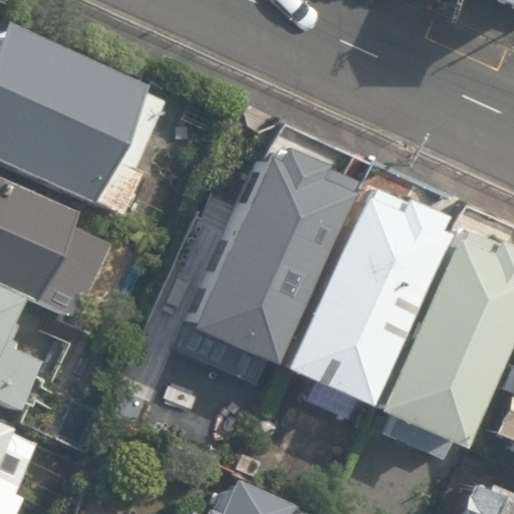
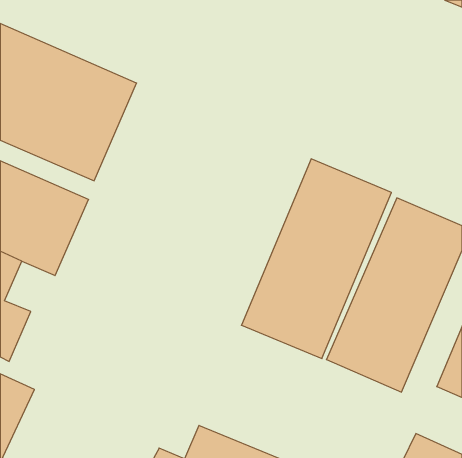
building: [167,139,334,361] -> none

